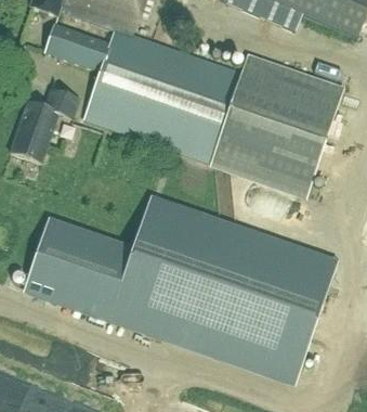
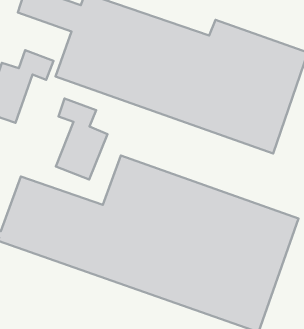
building: none -> [56,98,108,180]

